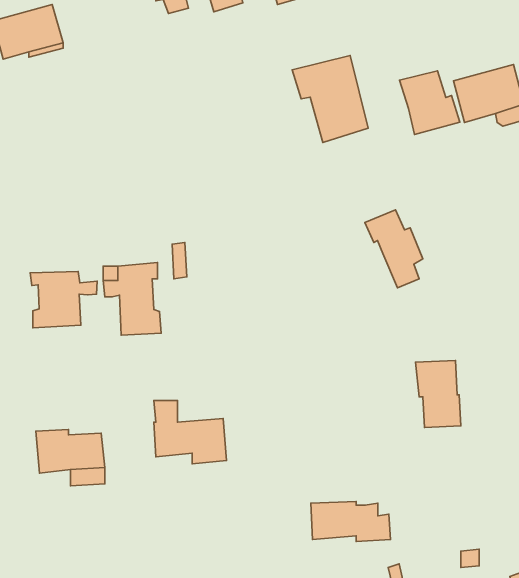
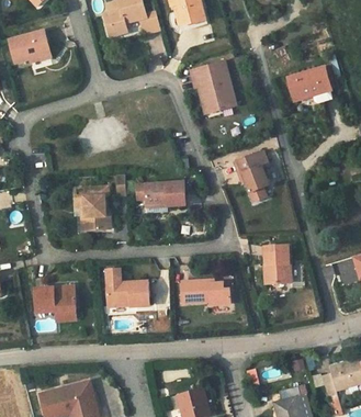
building: [400,71,460,135] -> none
building: none -> [135,182,184,213]
building: [30,272,97,328] -> none
building: [311,501,391,541] -> [181,281,229,305]

